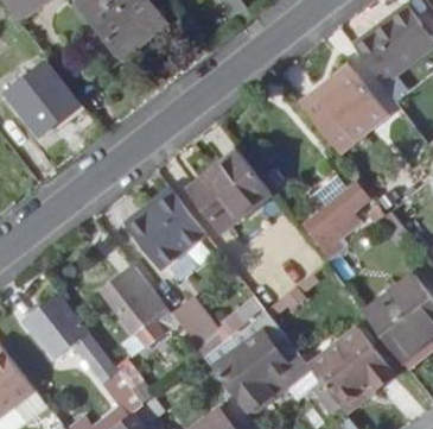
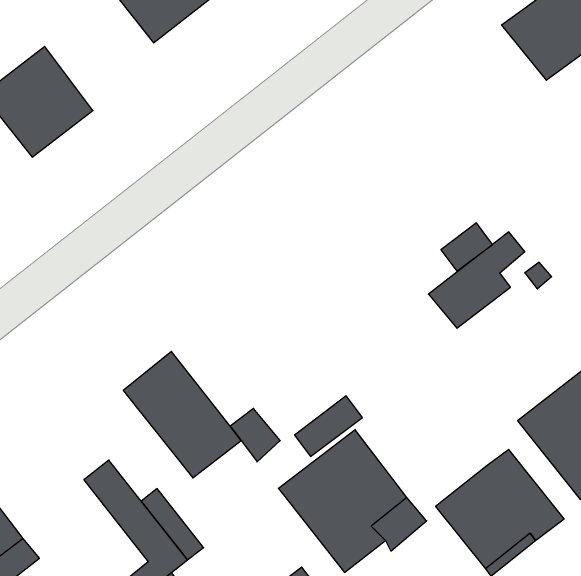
building: [298,71,386,152] -> none
building: [190,150,272,231] -> none
building: [125,193,204,267] -> none
building: [24,295,85,357] -> none

